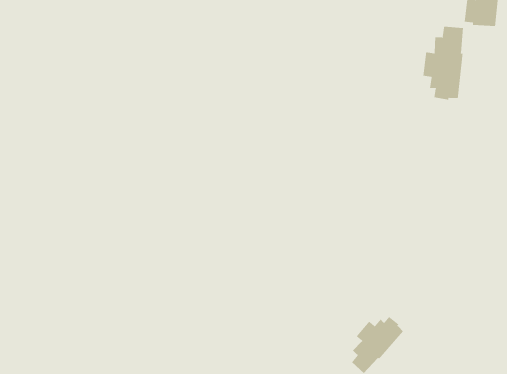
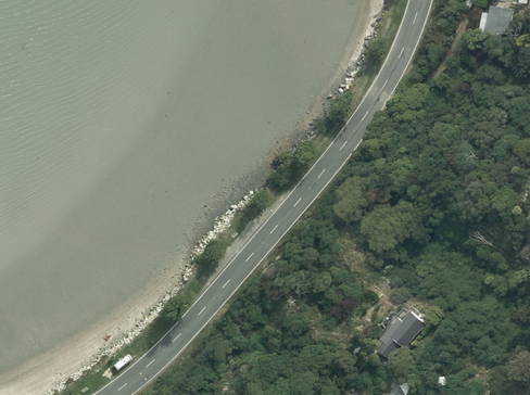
building: [423,26,463,100] -> none

